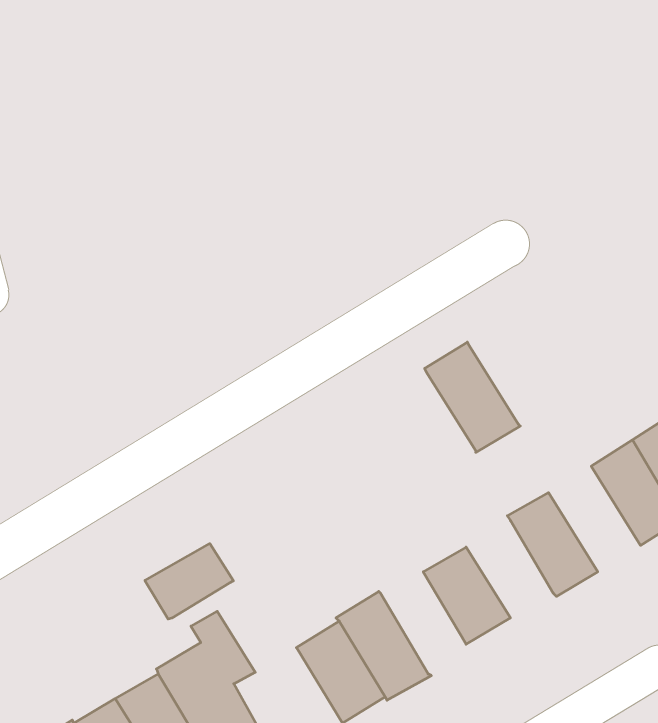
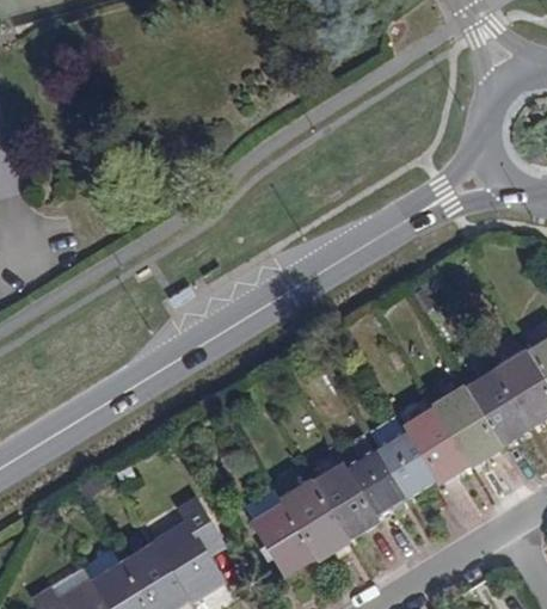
building: [425,342,520,452] -> [434,387,503,467]
building: none -> [375,429,438,499]
building: [145,544,233,619] -> none
building: none -> [313,463,377,540]

